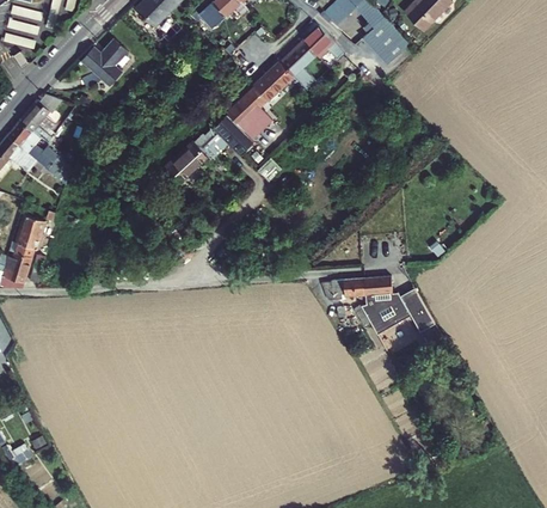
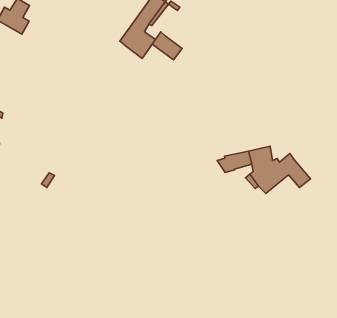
building: [217,115,253,152] -> [152,32,182,60]
building: [167,135,215,182] -> none

